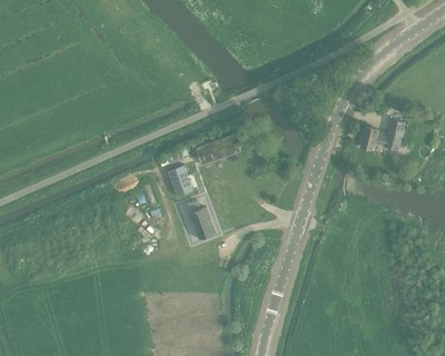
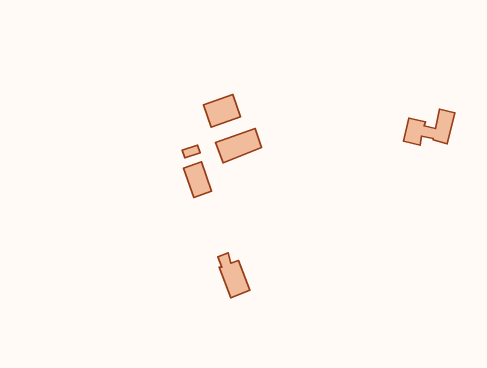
building: none -> [203,95,241,127]
building: [187,199,215,238] -> [218,253,250,298]

